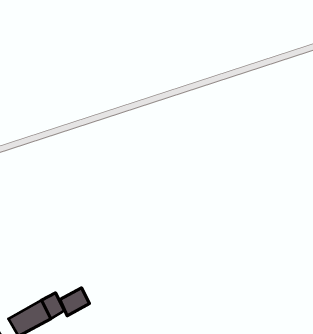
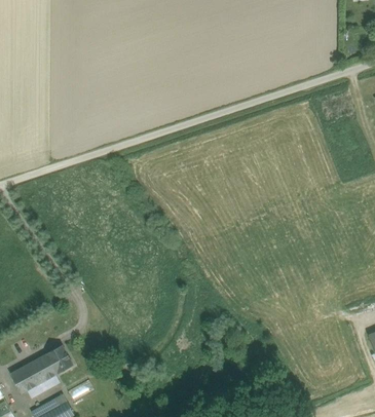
building: [60,288,89,316] -> none

